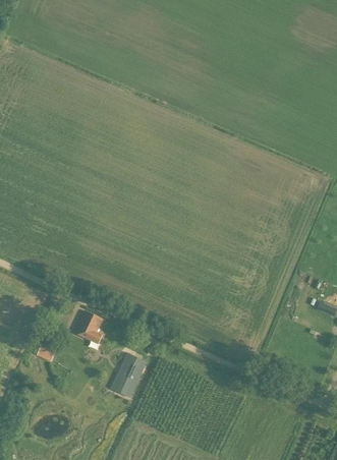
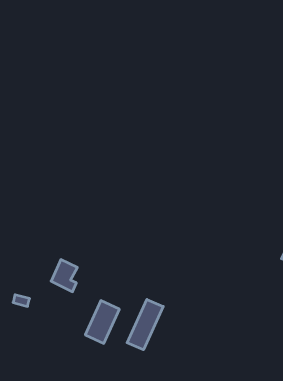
building: none -> [127,299,163,350]

